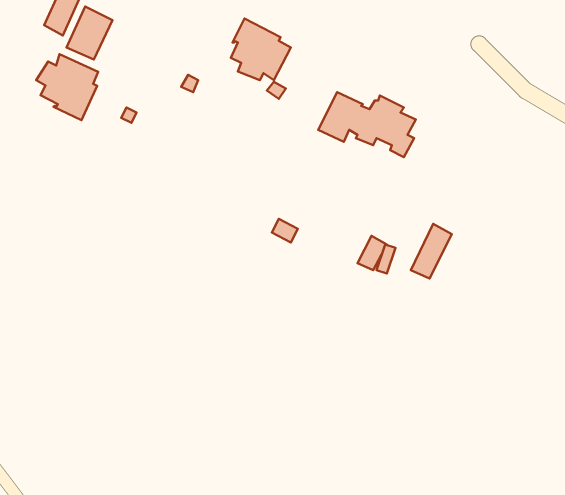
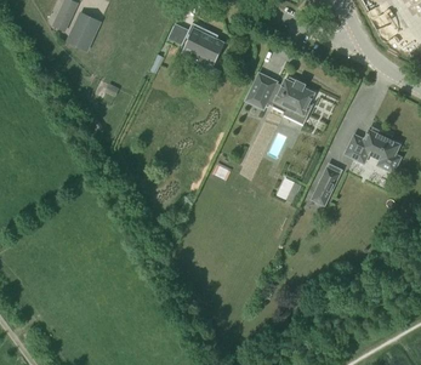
building: [36,54,98,120] -> none
building: none -> [343,126,400,172]

